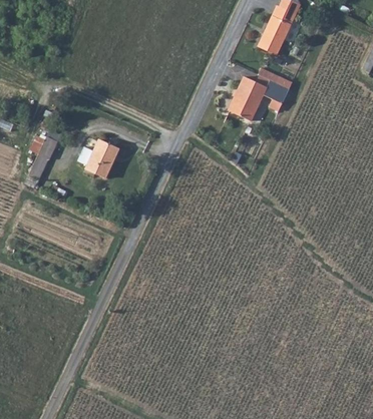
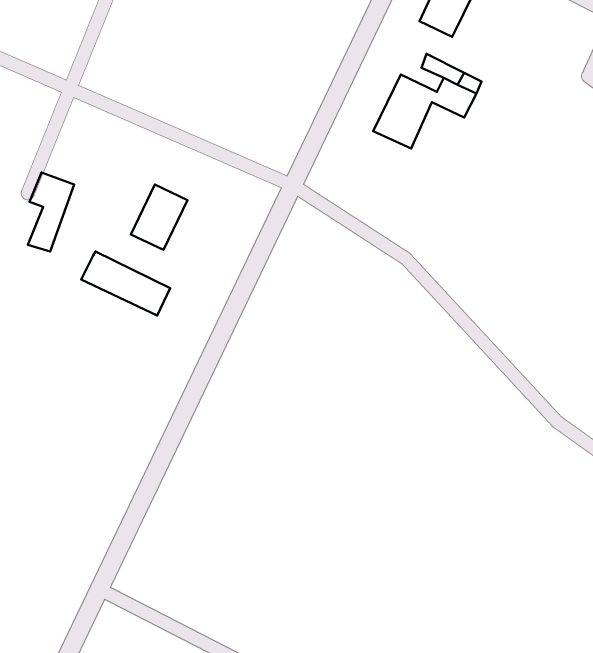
building: none -> [81,252,170,315]

